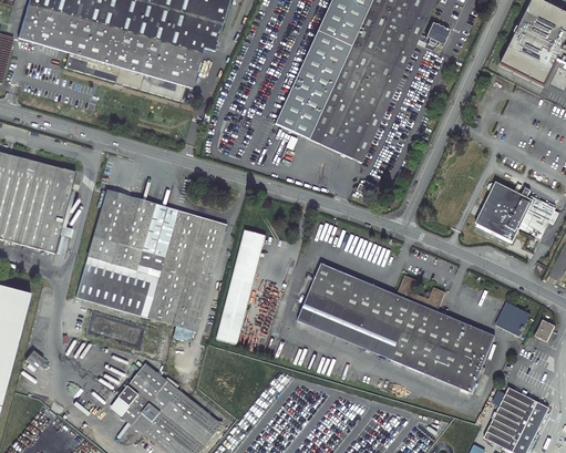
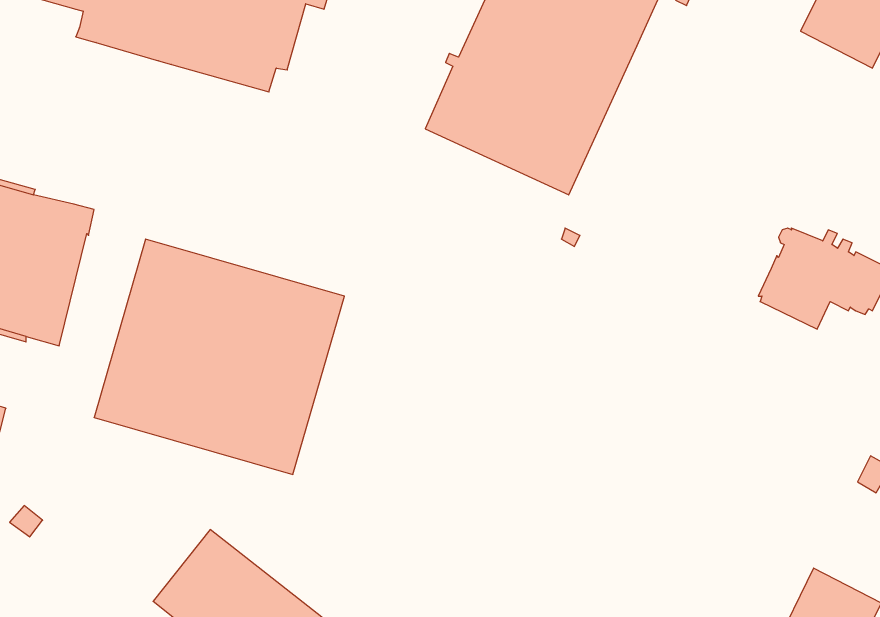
building: [216,229,265,343] -> none
building: [297,262,495,392] -> none
building: [496,301,531,336] -> none

